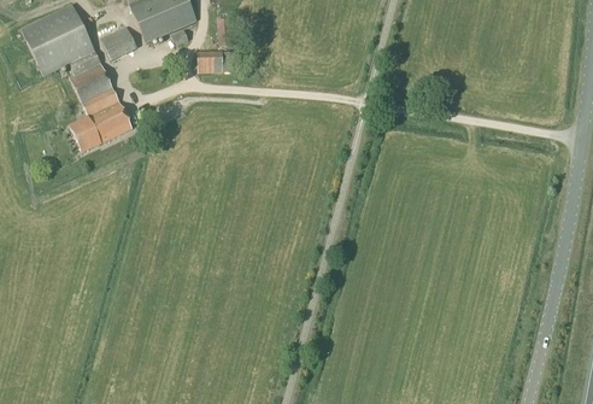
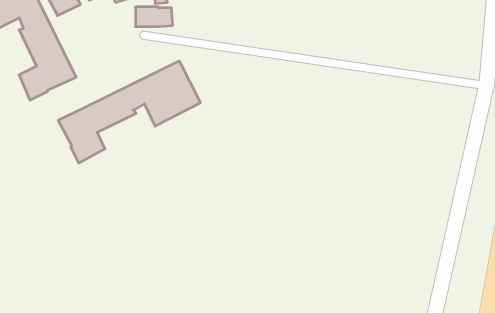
building: none -> [58,61,200,163]

